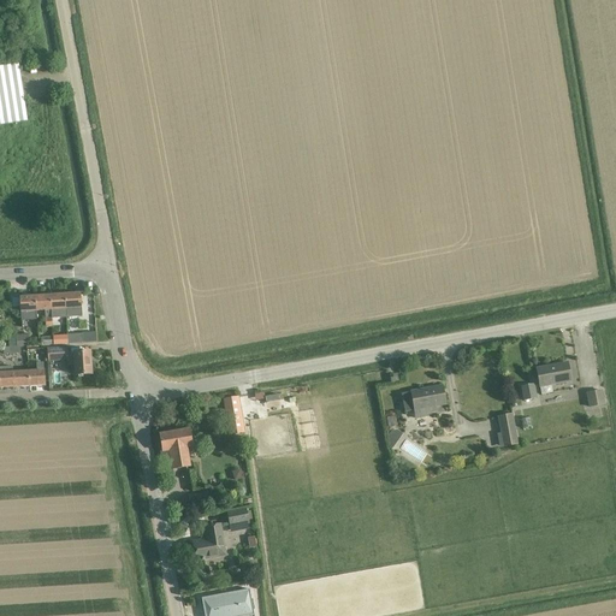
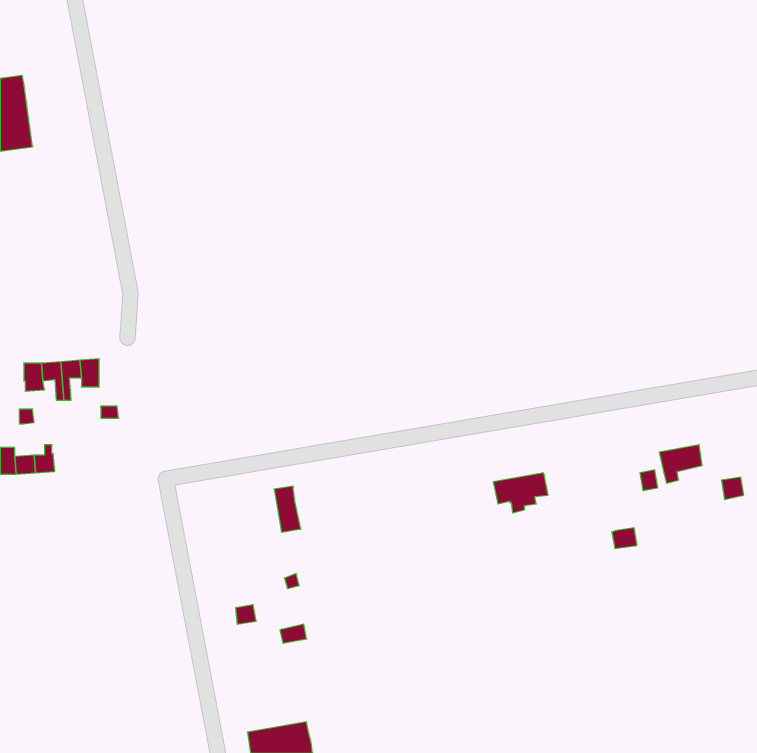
building: [48,345,90,373] -> none
building: [160,428,192,468] -> none
building: [192,522,225,557] -> none

